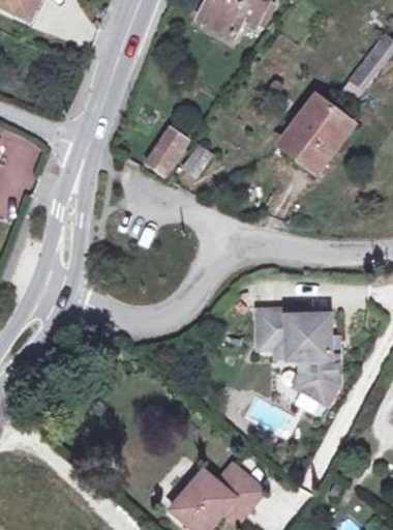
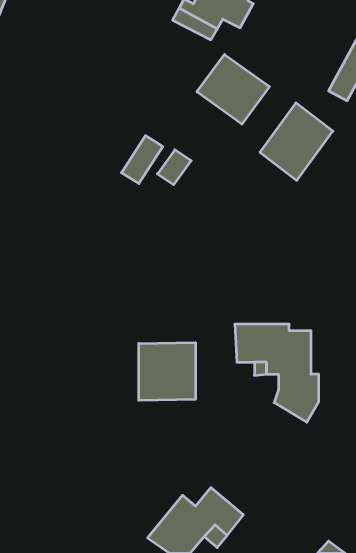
building: none -> [197,54,269,124]
building: none -> [139,343,195,400]

